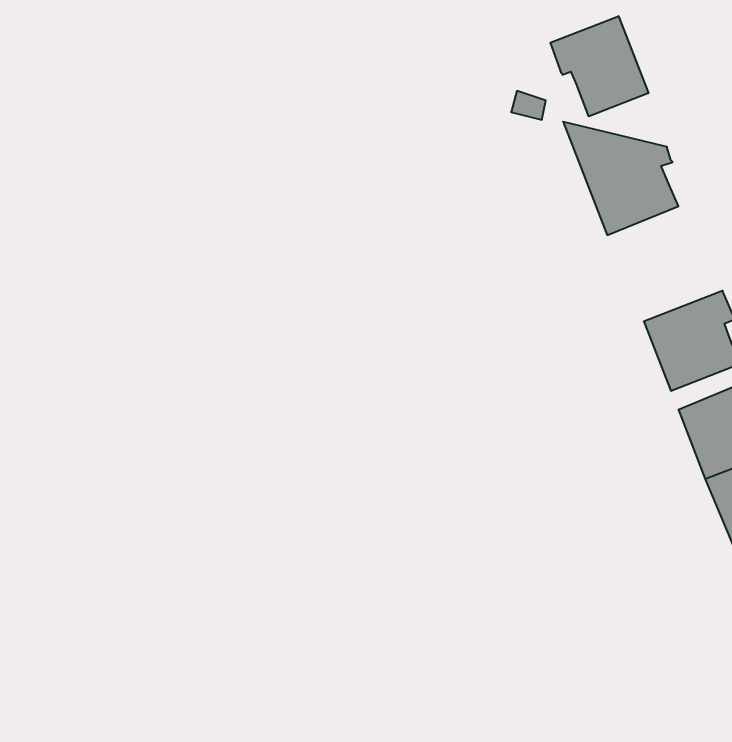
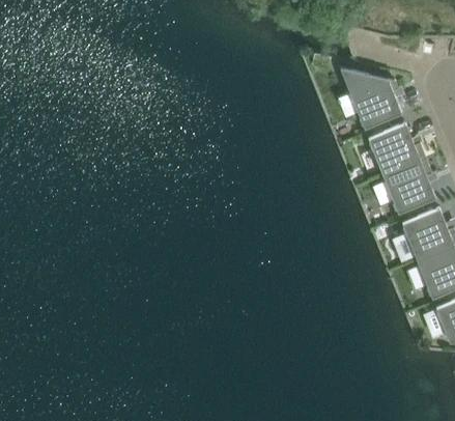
building: [550,16,648,116] -> none
building: none -> [368,124,426,176]

